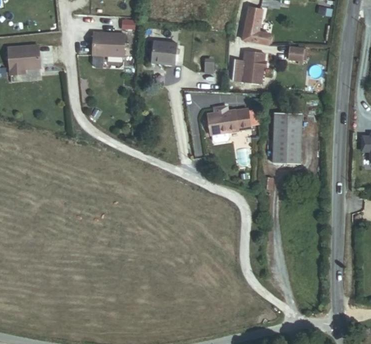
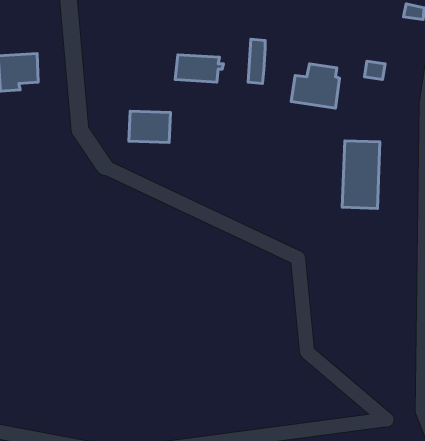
building: [246,8,273,45] -> none
building: [93,30,125,54] -> [129,111,171,142]
building: [208,106,251,140] -> none

